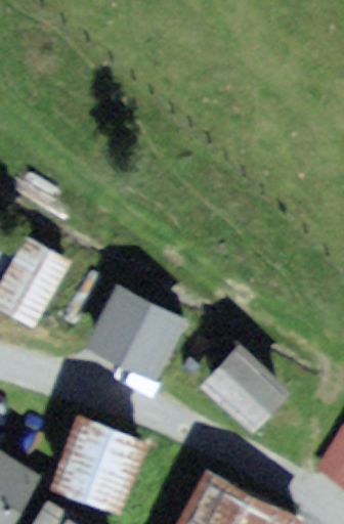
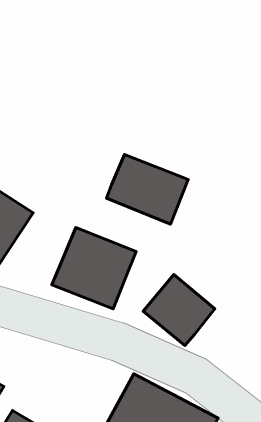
building: none -> [106,154,188,224]
building: [46,414,143,514] -> none

